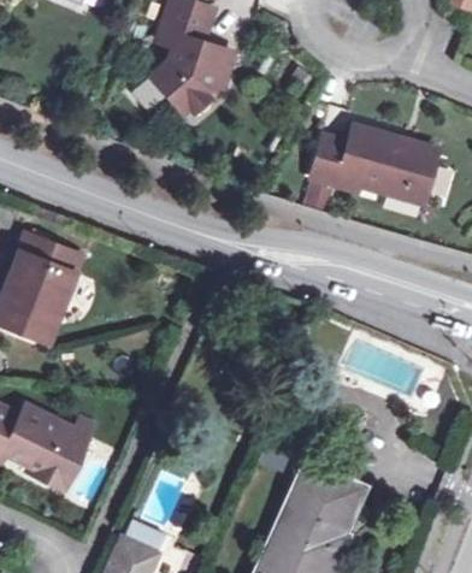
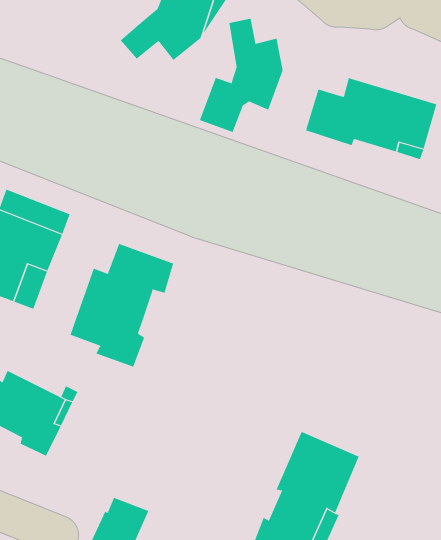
building: none -> [199,18,283,133]
building: none -> [70,243,174,368]

